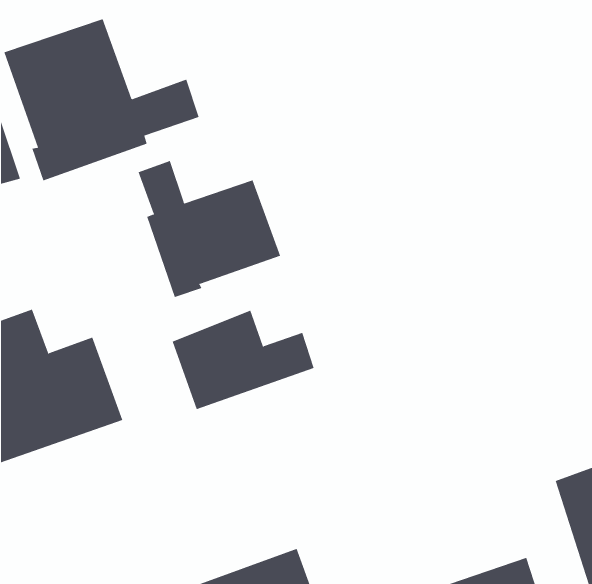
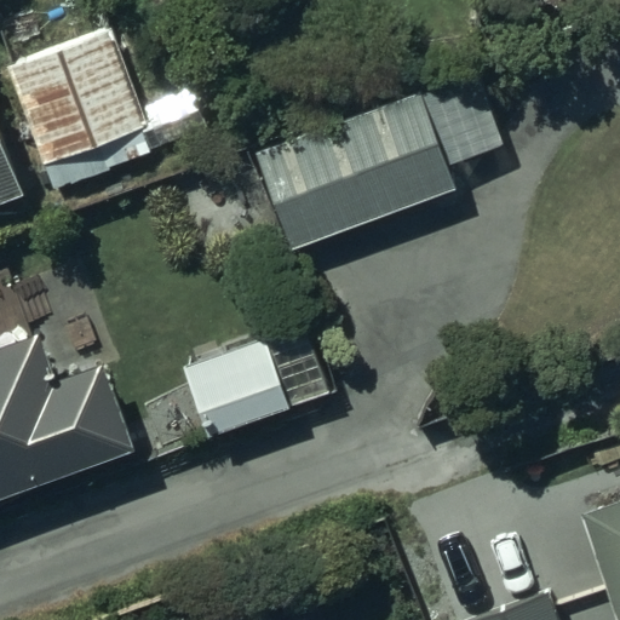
building: none -> [252,92,504,258]
building: [138,160,281,298] -> none

